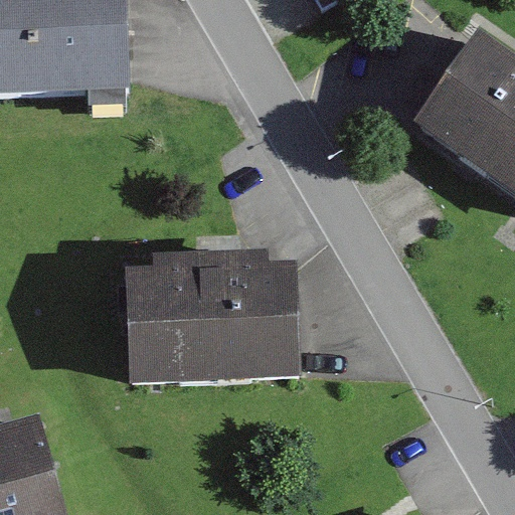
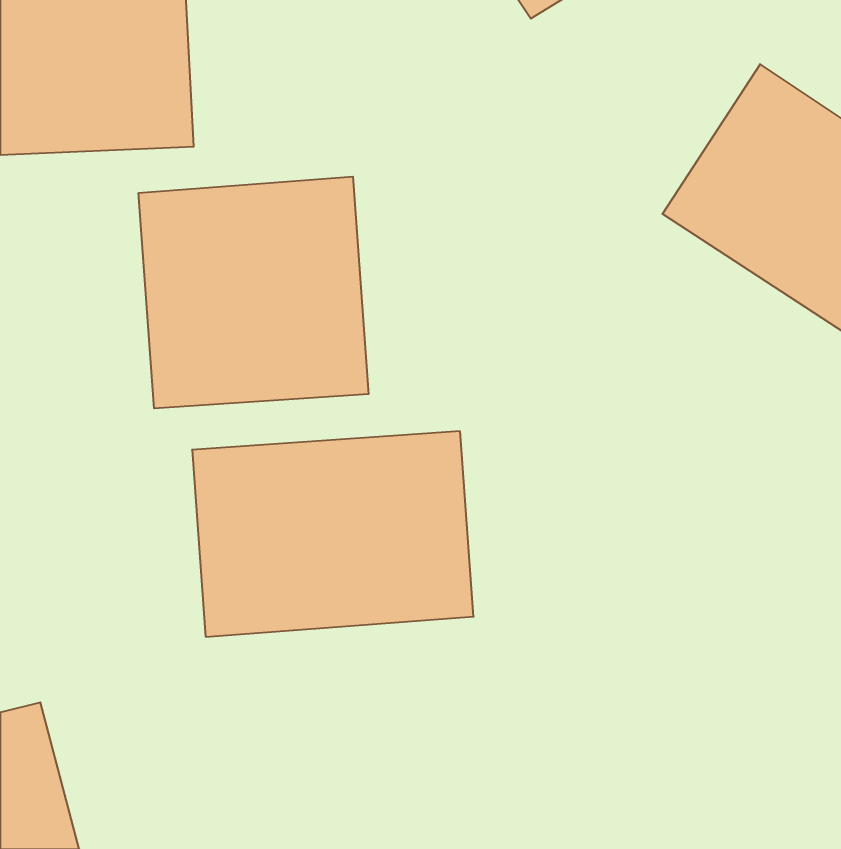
building: none -> [139,177,369,408]

